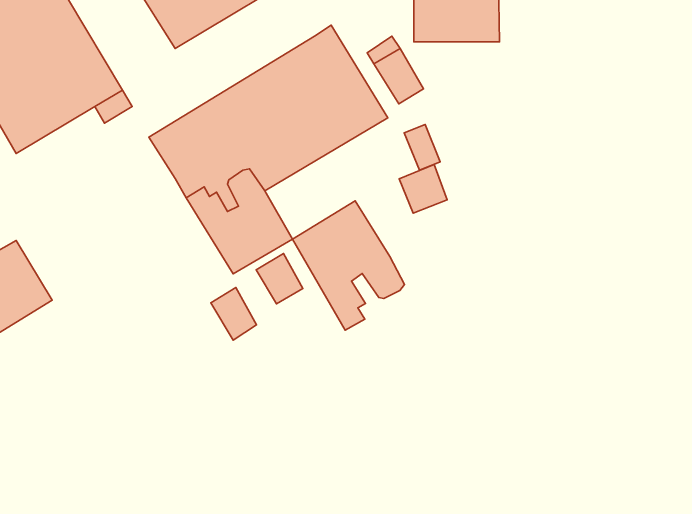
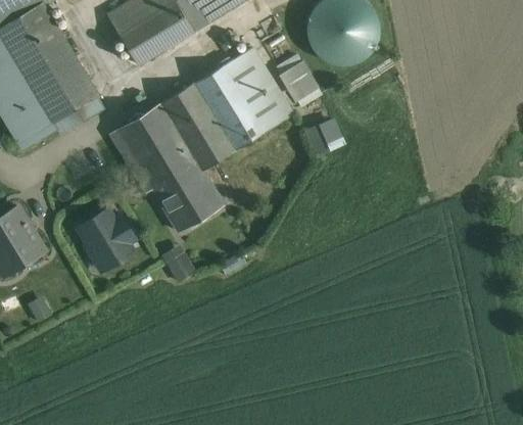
building: [399,164,447,213] -> none
building: [292,201,405,330] -> none
building: none -> [79,210,134,268]
building: [256,253,303,304] -> none

